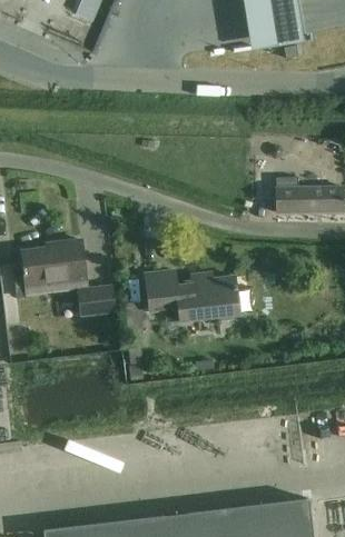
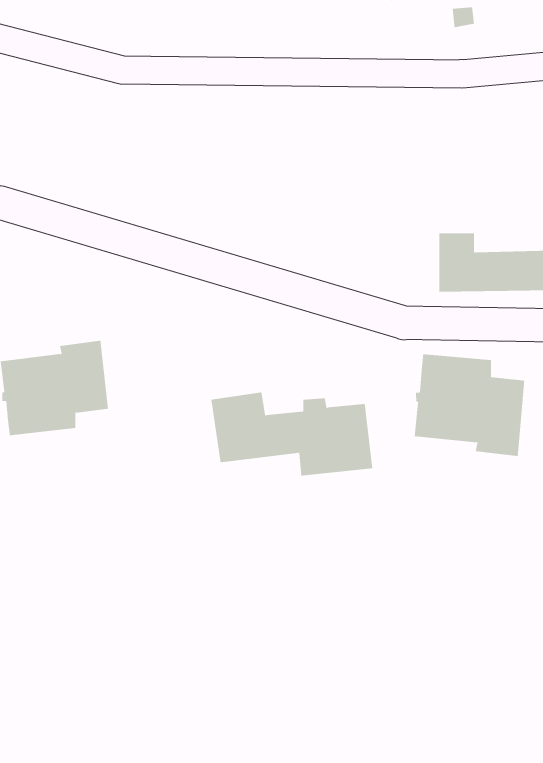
building: none -> [414,353,525,457]
building: [77,286,114,317] -> none

